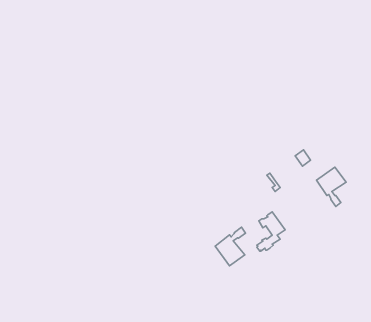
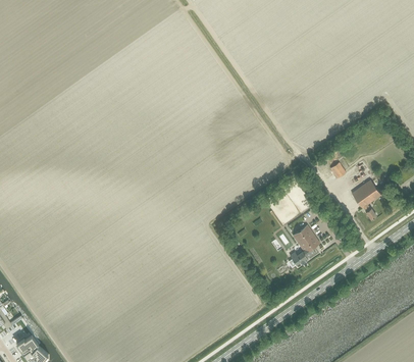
building: [215,227,245,266] -> none

